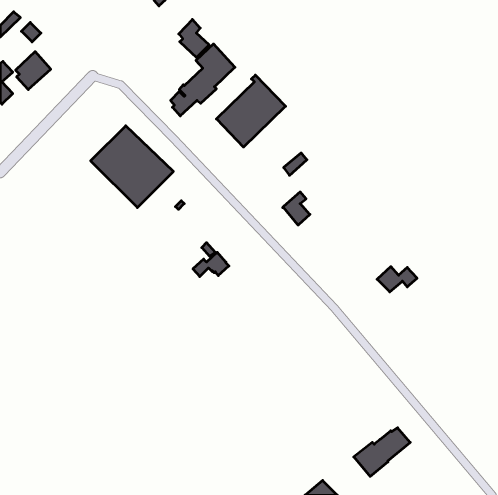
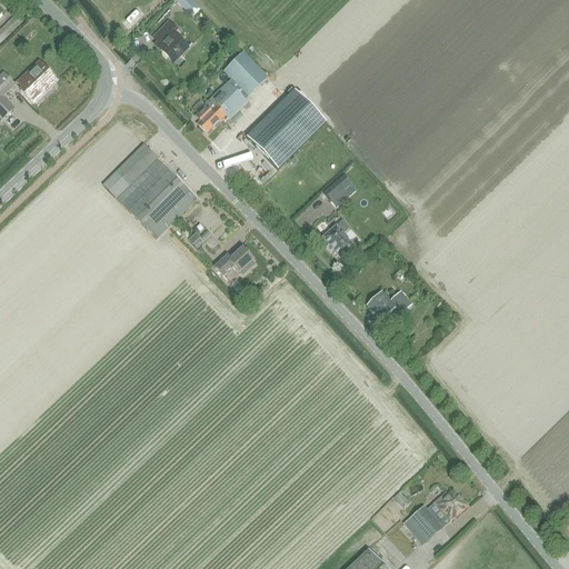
building: [179,19,209,57] -> [152,19,187,62]
building: [193,252,229,277] -> [214,247,256,274]
building: [377,267,417,292] -> [367,289,412,318]

